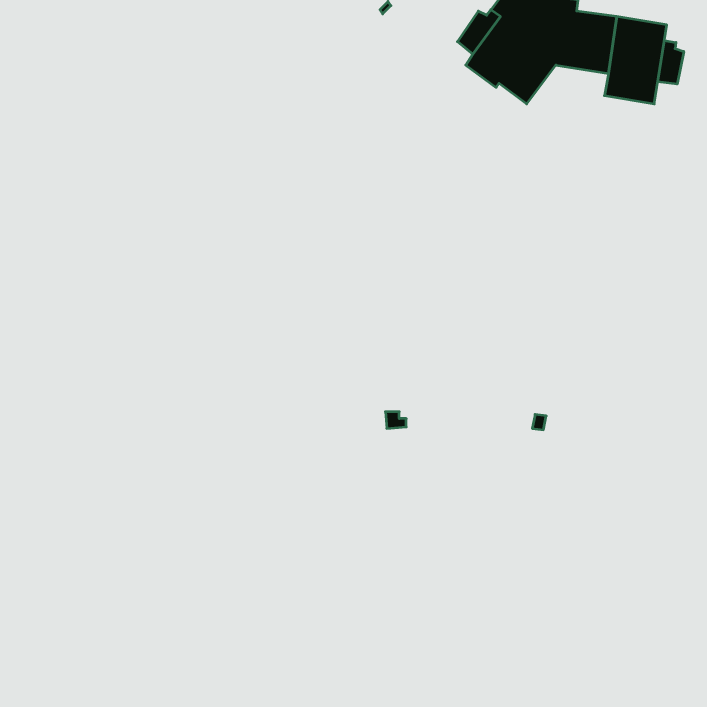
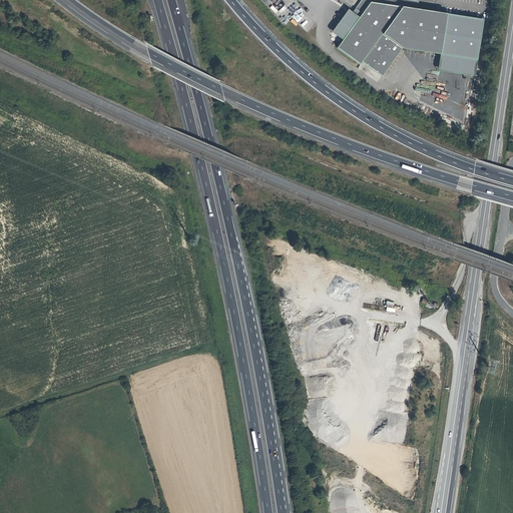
building: [658,40,684,84] -> none

